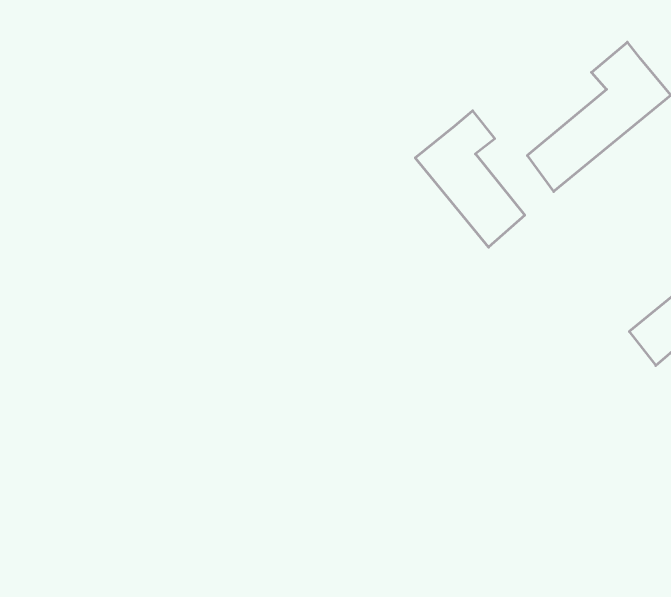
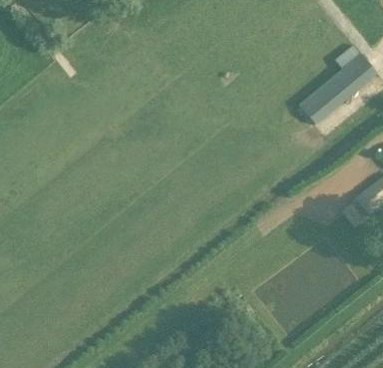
building: [415,111,525,247] -> none

